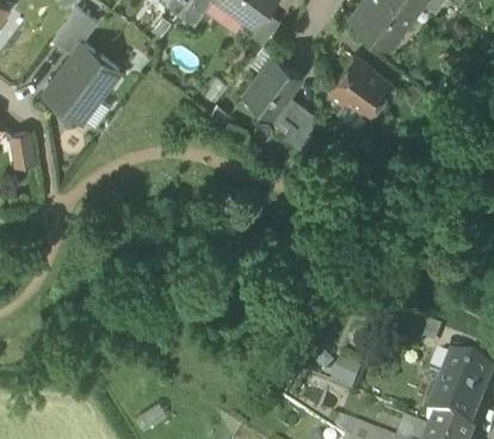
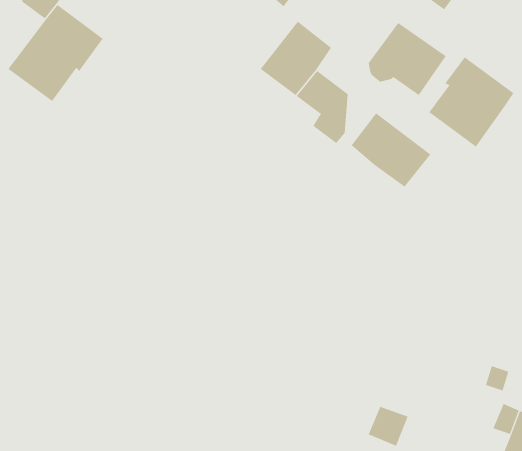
building: none -> [428,57,514,147]
building: none -> [351,112,431,188]

